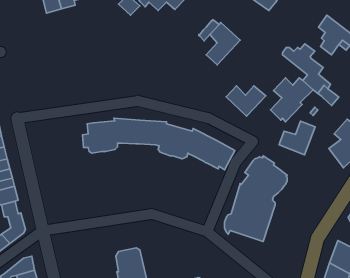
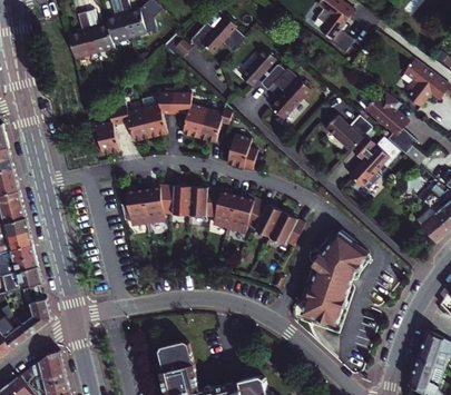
building: none -> [241,50,276,86]
building: none -> [95,92,233,155]
building: none -> [226,132,257,169]
building: [226,86,266,116] -> [325,115,373,151]
building: [279,121,315,155] -> none

